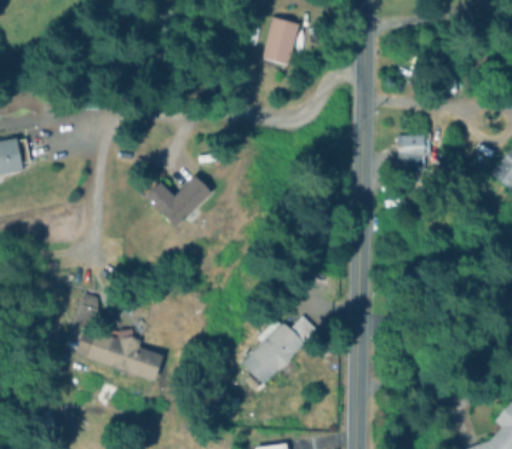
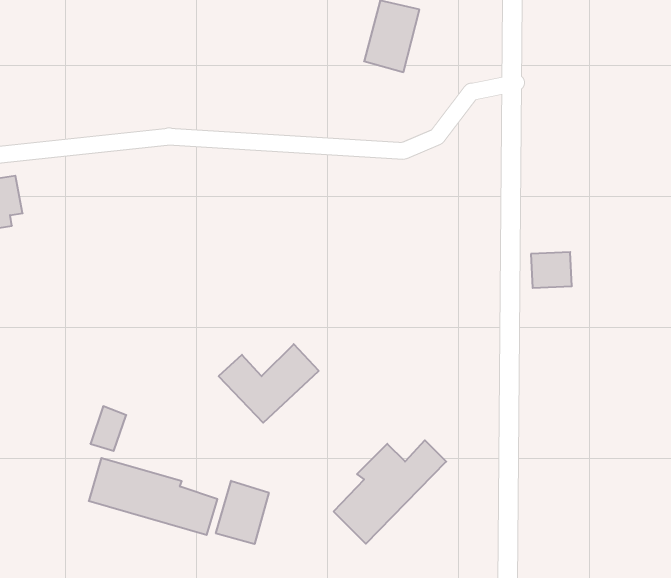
building: [397,133,425,157] -> [531,252,572,288]
building: [144,174,212,228] -> [219,344,319,423]
building: none -> [216,481,269,544]

